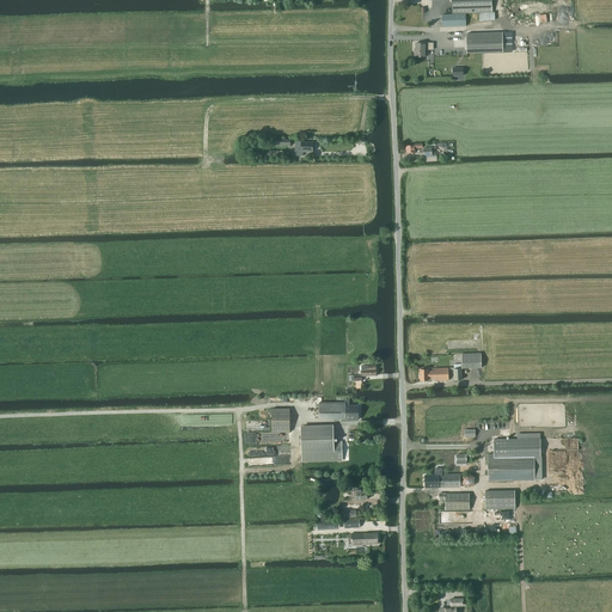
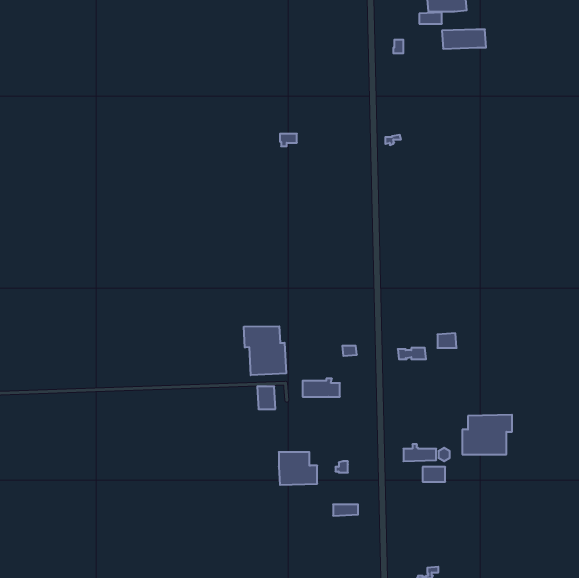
building: none -> [244,326,286,375]
building: [301,426,342,460] -> [279,452,317,485]
building: [485,489,515,508] -> none

